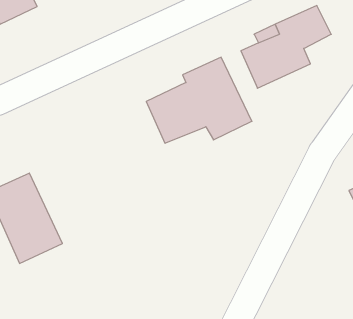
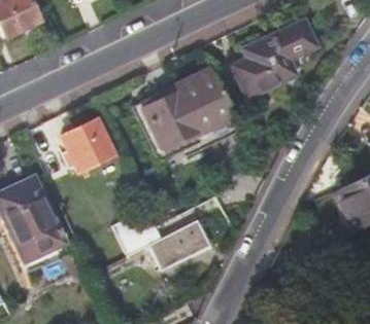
building: none -> [61,117,115,172]
building: none -> [115,213,209,268]

